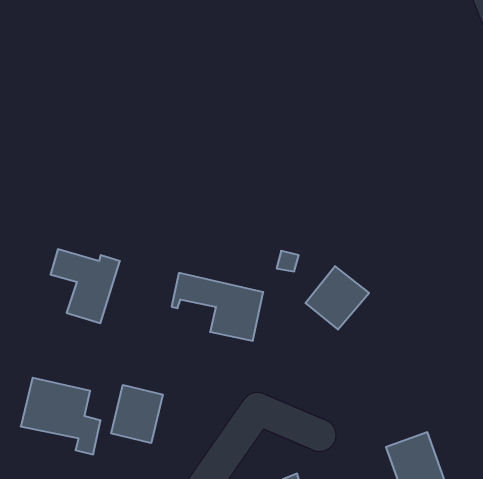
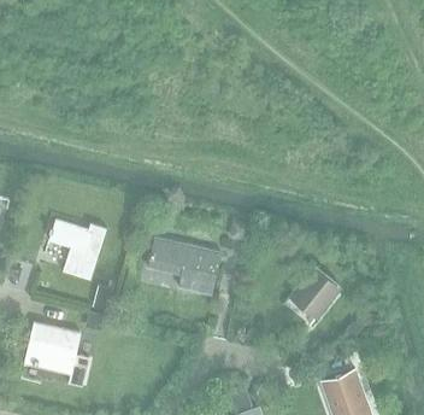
building: [305,266,369,330] -> [289,267,341,318]
building: [111,385,163,443] -> none

